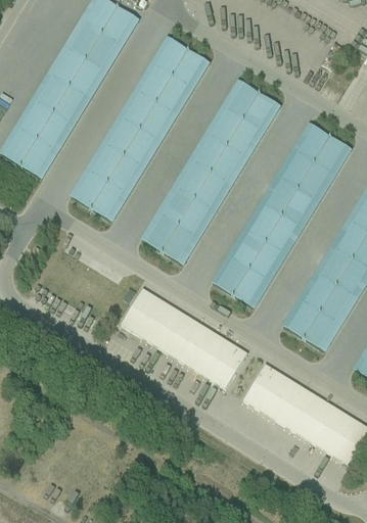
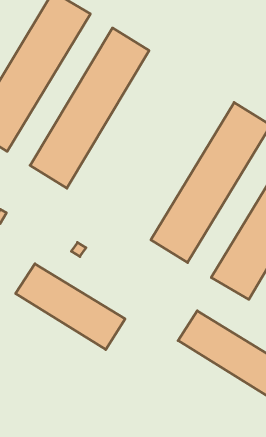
building: [141,79,281,265] -> none
building: [121,289,248,389] -> [16,264,125,350]

